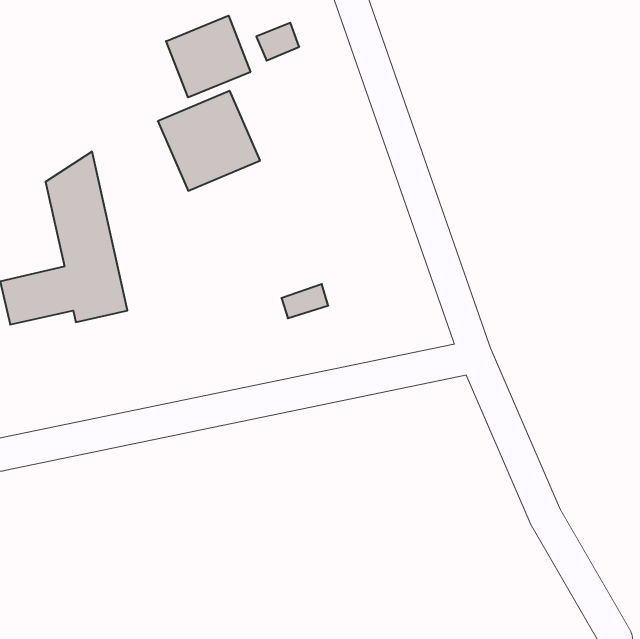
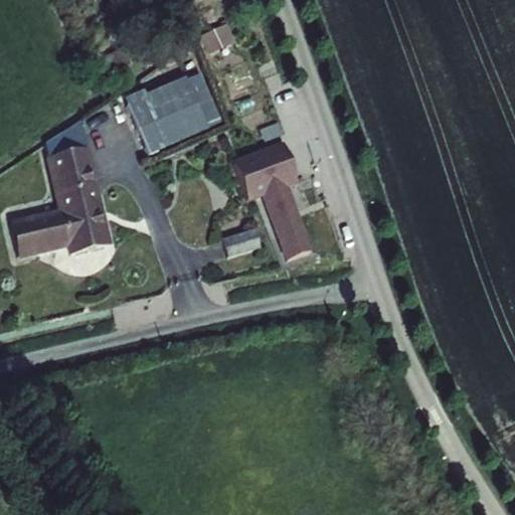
building: [166,16,250,97] -> none
building: none -> [237,143,315,258]

